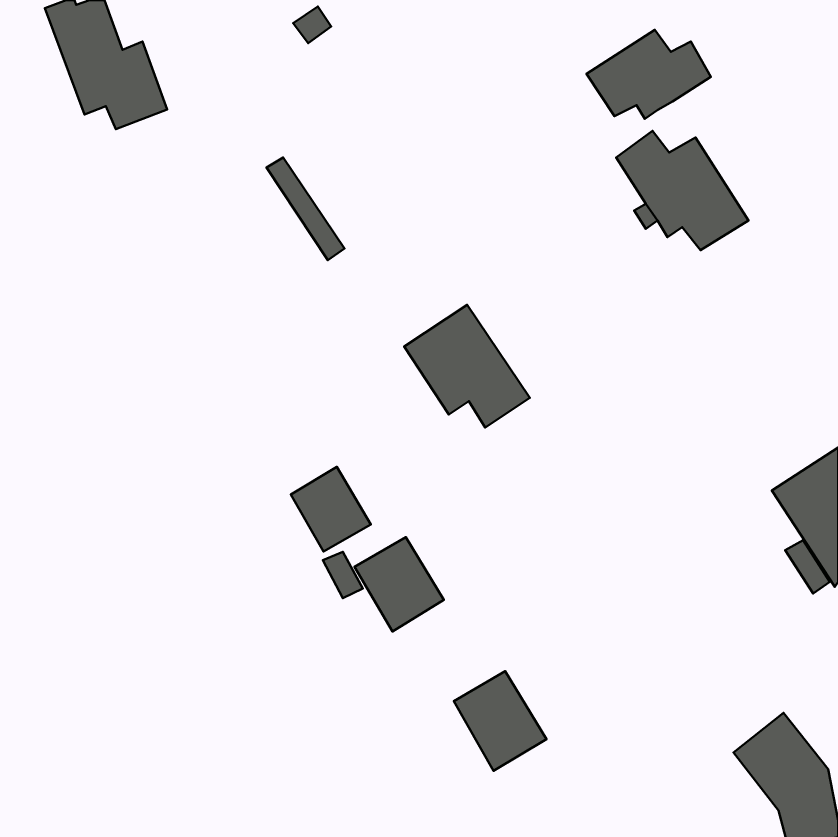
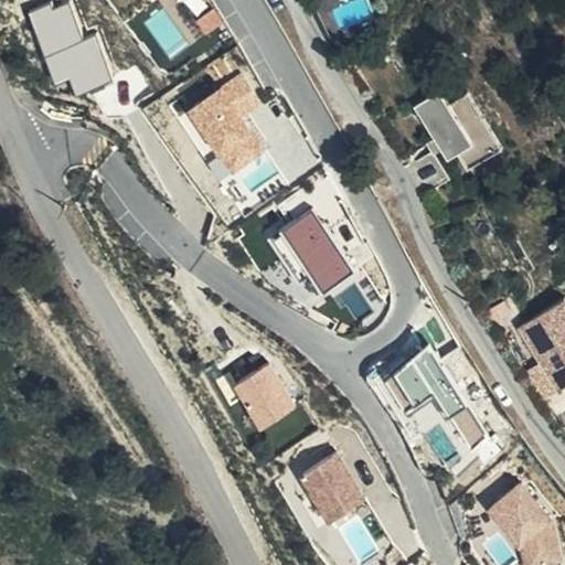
building: [587,30,711,119] -> none
building: none -> [189,73,266,172]
building: [291,467,371,551] -> none
building: none -> [383,345,487,448]

